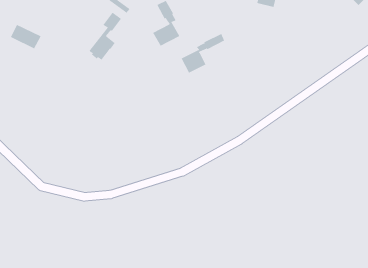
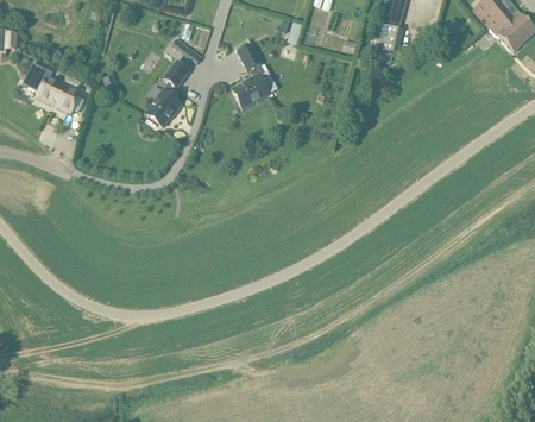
building: [181,33,225,74] -> none

